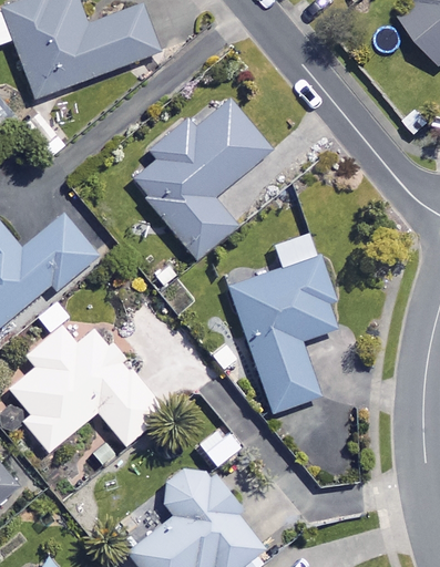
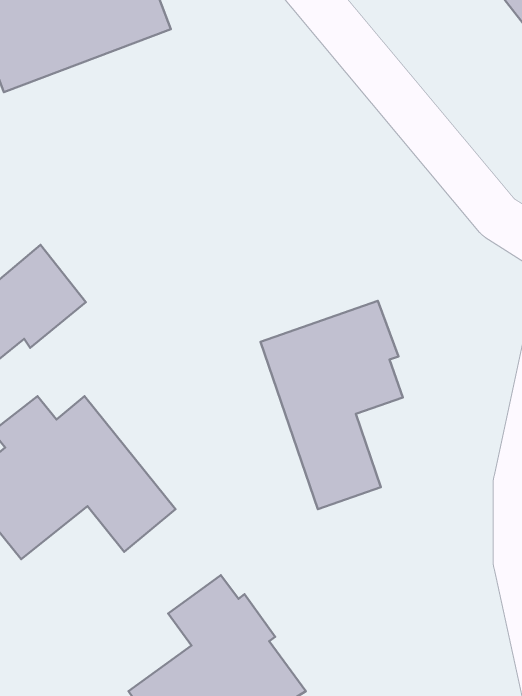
building: [133,94,274,258] -> none

